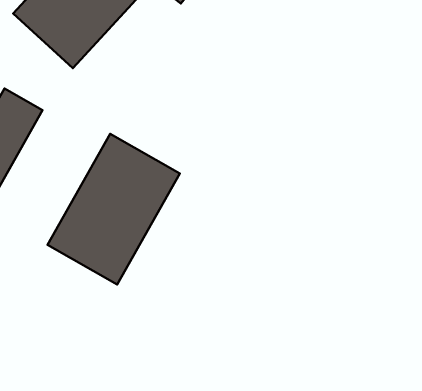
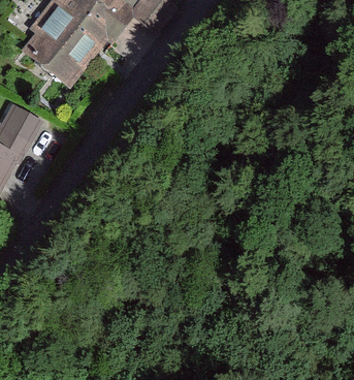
building: [48,134,180,284] -> none

